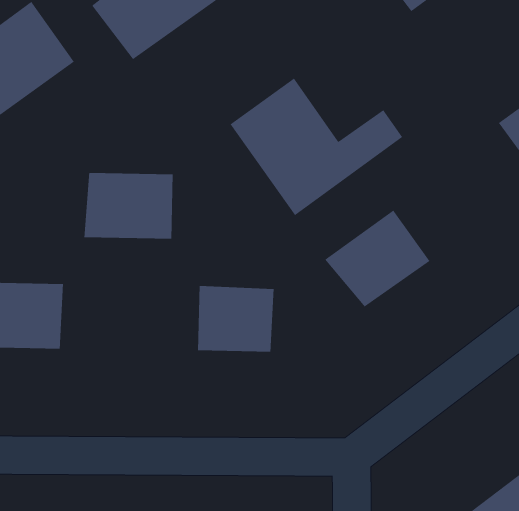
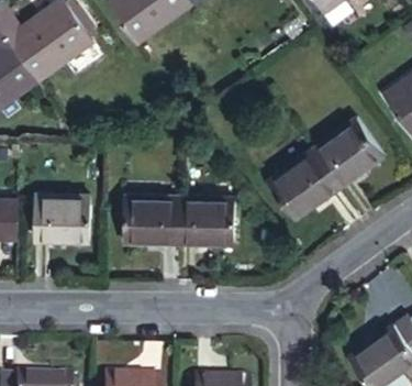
building: [229,77,403,216] -> none
building: none -> [312,117,378,180]
building: [84,172,174,240] -> [118,196,179,242]

